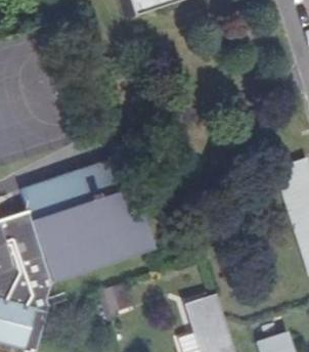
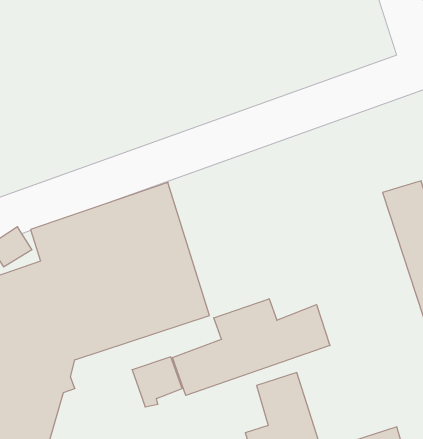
building: none -> [173,299,330,395]

